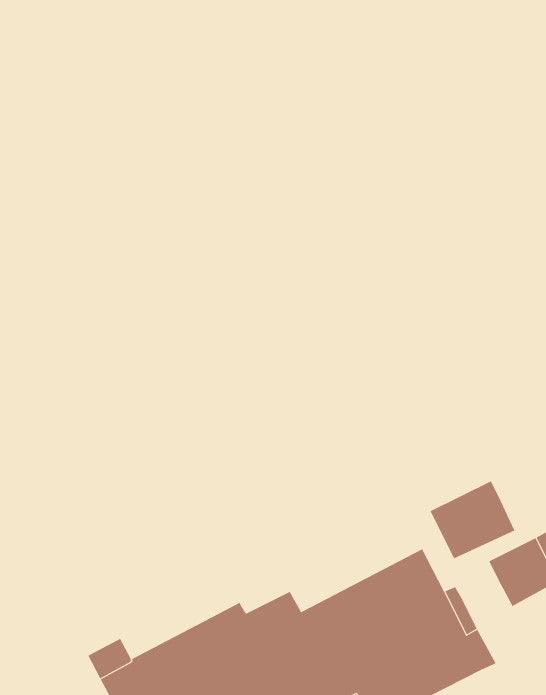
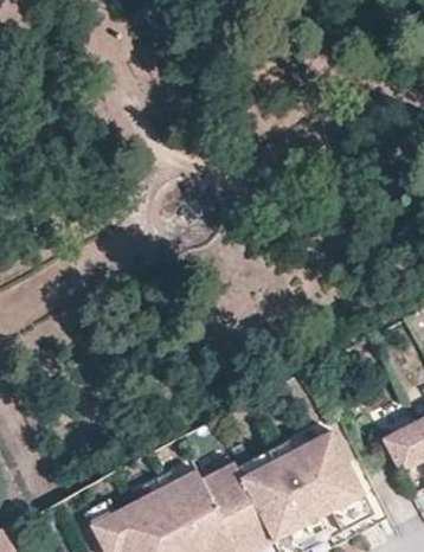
building: [430,480,515,559] -> none

